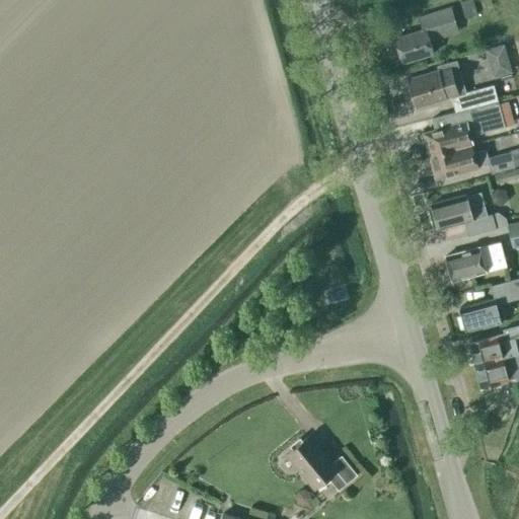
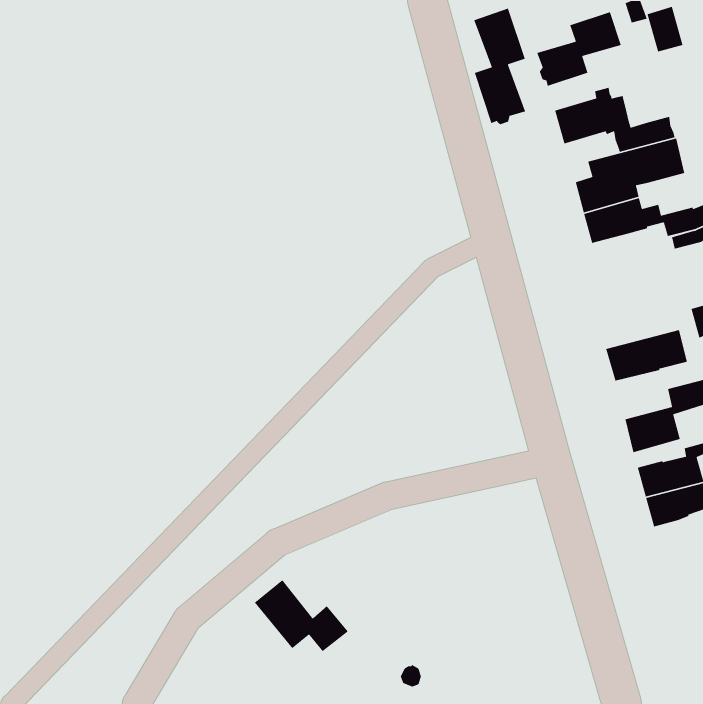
building: none -> [473,8,526,125]
building: [486,44,513,78] -> [646,6,684,53]
building: [432,192,496,236] -> none
building: [288,437,358,491] -> [254,579,349,652]

